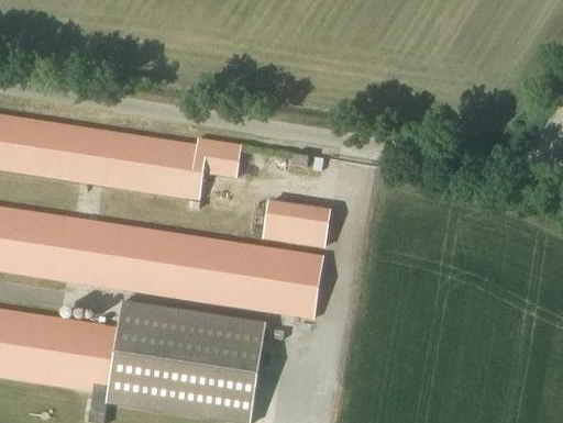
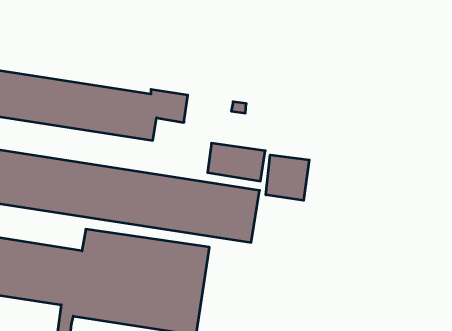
building: none -> [266,155,309,200]

